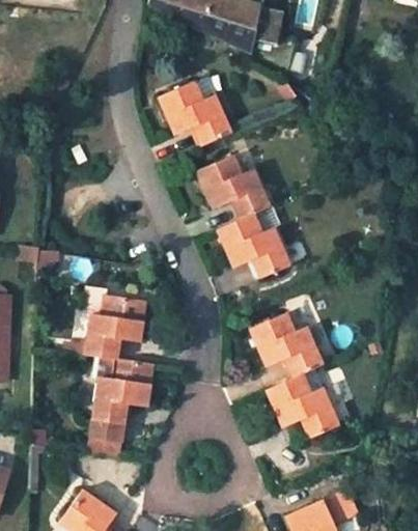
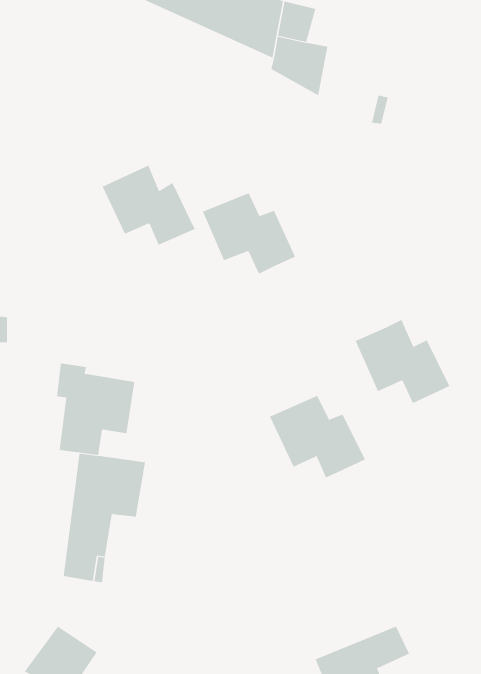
building: [159,81,231,143] -> [102,165,196,245]
building: [217,213,290,278] -> [355,319,450,404]
building: [264,372,338,439] -> none

